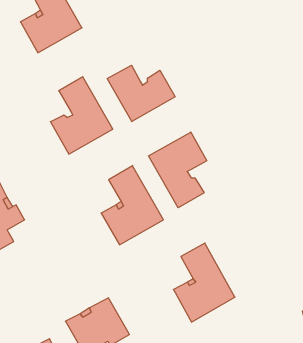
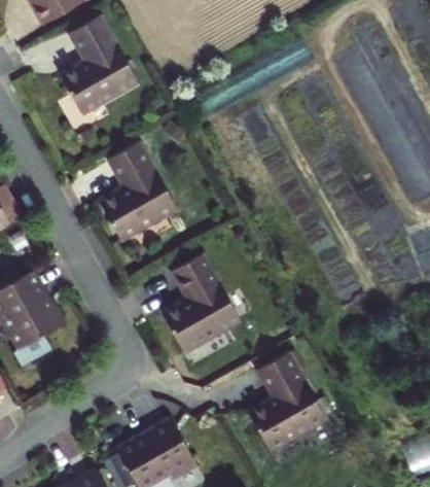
building: [107,65,175,122] -> none
building: [149,132,207,208] -> none

